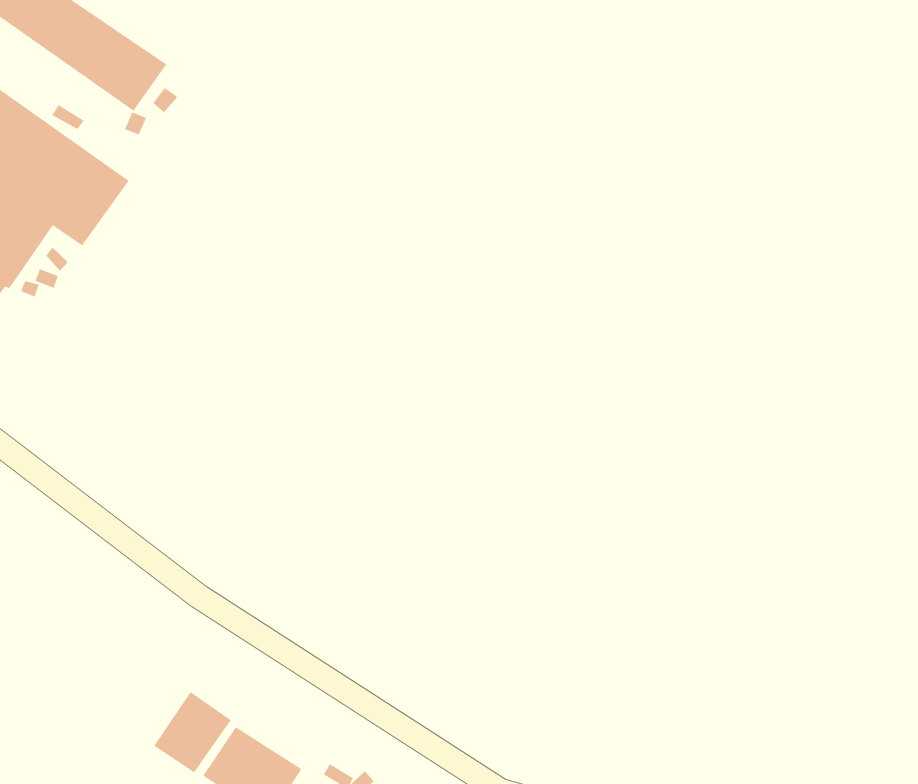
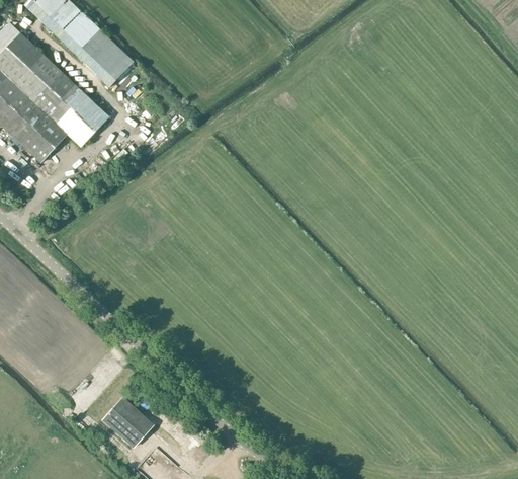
building: [154,691,231,773] -> none

